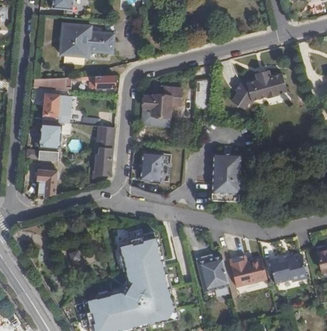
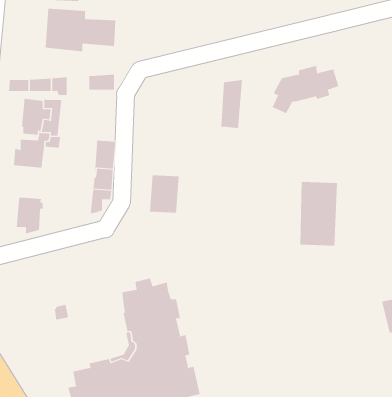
building: [141,87,181,126] -> none
building: [213,150,242,199] -> [300,182,338,246]
building: [270,252,309,280] -> none
building: [230,253,268,285] -> none
building: [197,254,231,291] -> none

